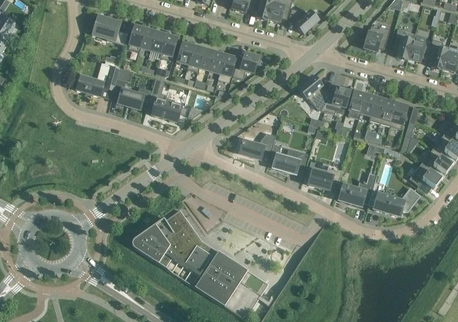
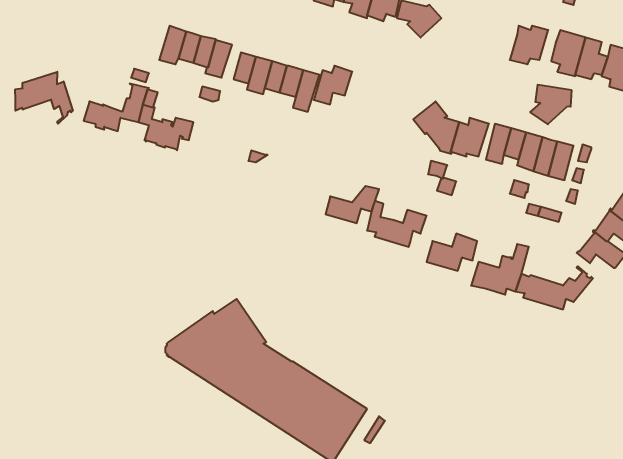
building: [93,15,128,45] -> none
building: none -> [15,72,73,124]
building: none -> [530,85,571,124]
building: [149,77,187,121] -> none

